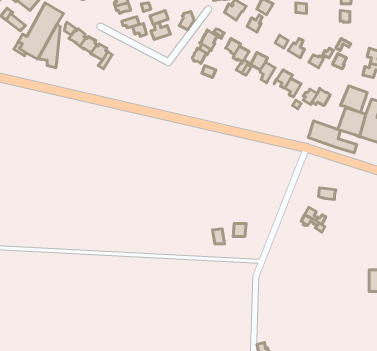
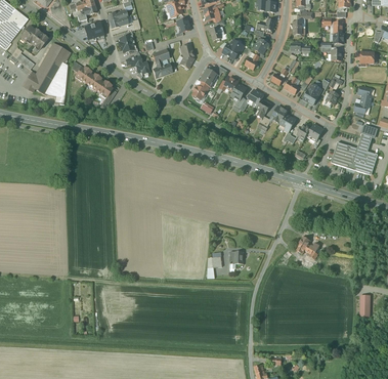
building: [341,86,367,112] -> none
building: [308,121,357,153] -> none

